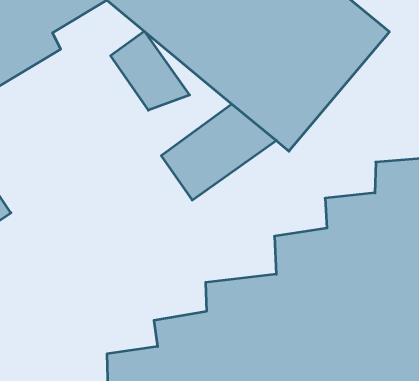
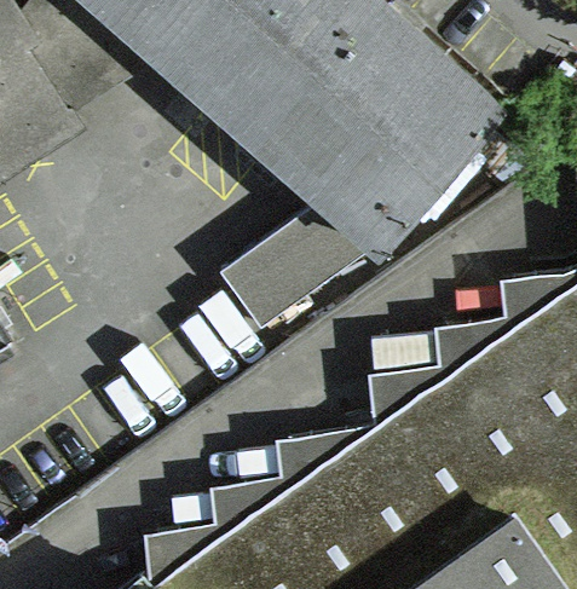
building: [111,31,190,110] -> none

